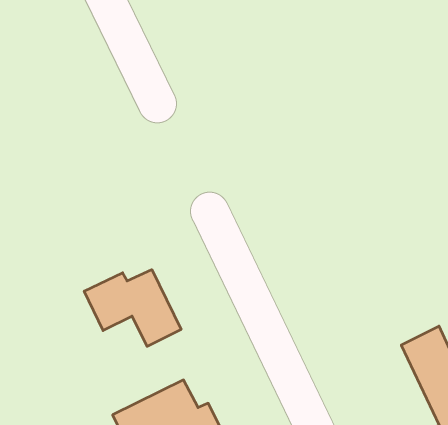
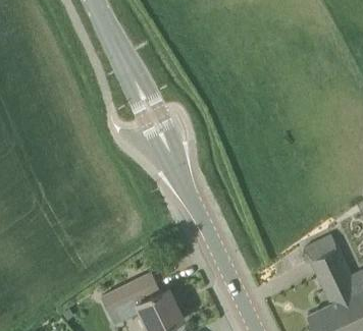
building: [84,270,181,346] -> none

